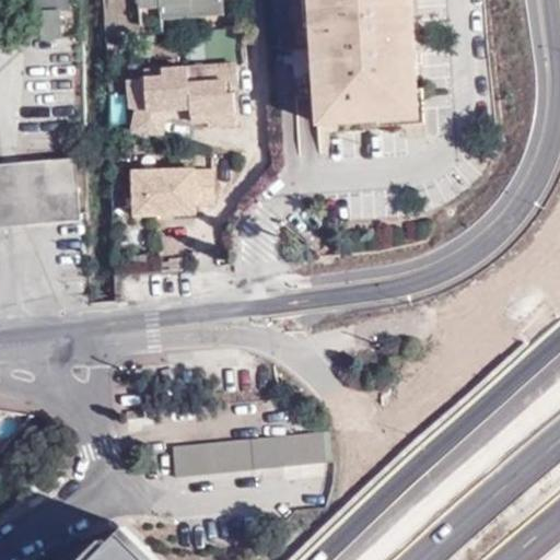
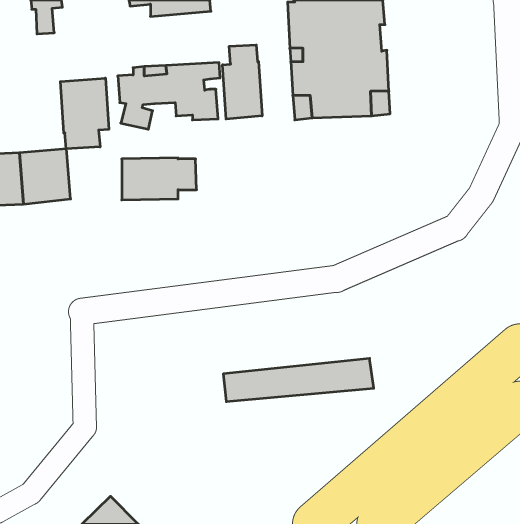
building: none -> [223,45,262,119]
building: none -> [60,78,109,149]
building: [170,430,330,476] -> [223,358,374,402]

